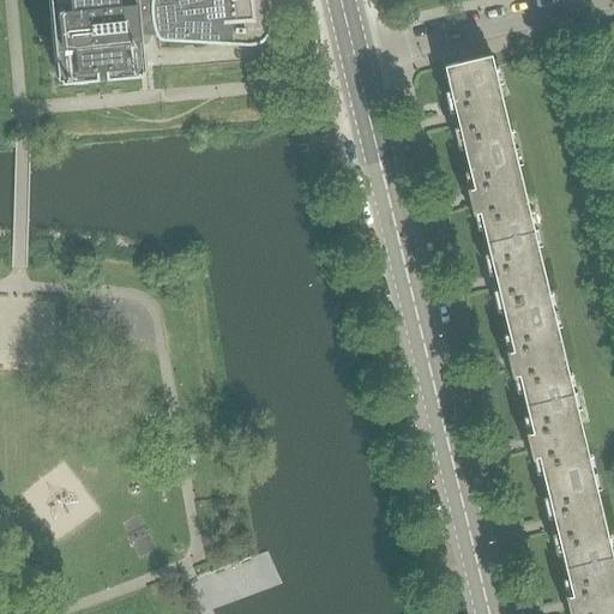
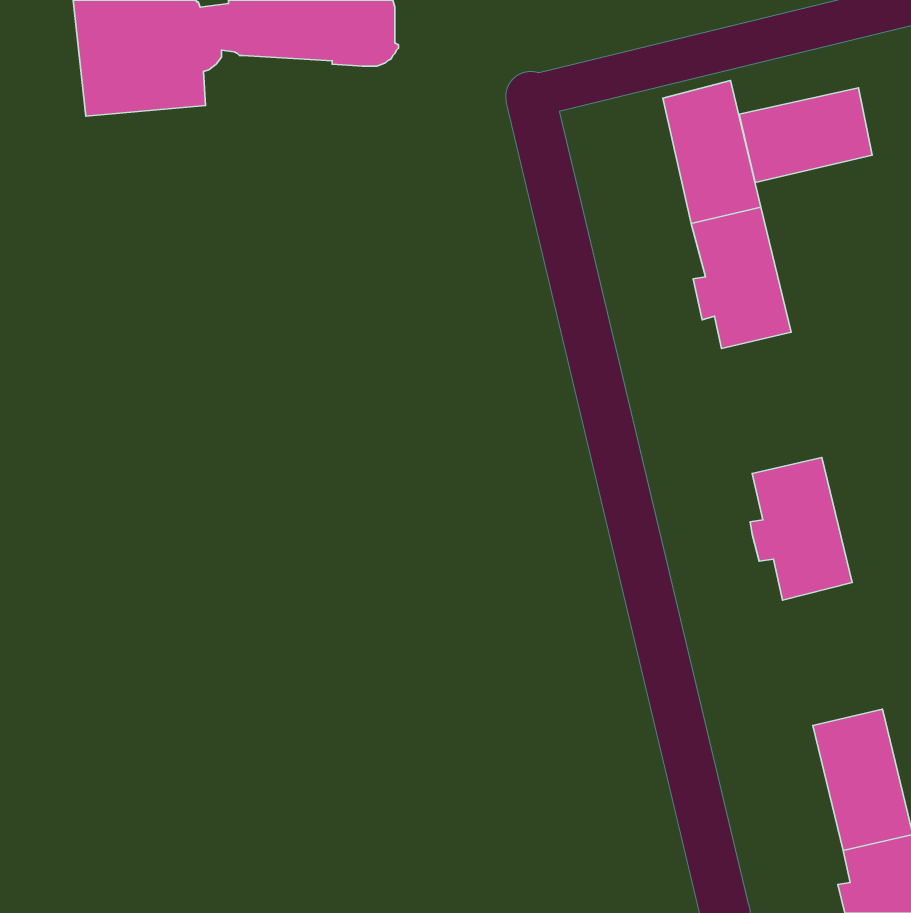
building: none -> [739,88,872,183]
building: [486,223,553,318] -> none
building: [525,391,594,487] -> none

